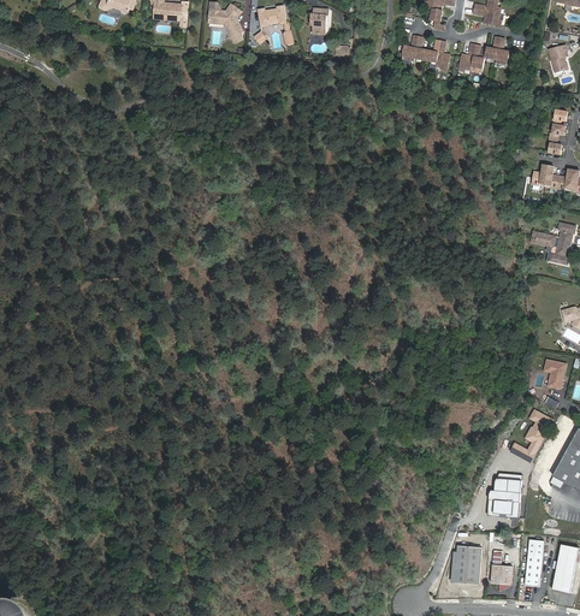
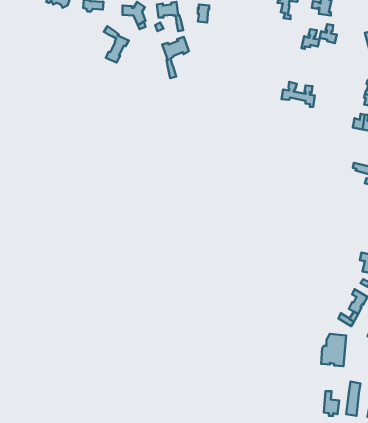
building: [403,35,450,70] -> [282,82,315,107]
building: none -> [104,26,129,63]
building: none -> [162,37,189,78]
building: [454,545,481,584] -> none

